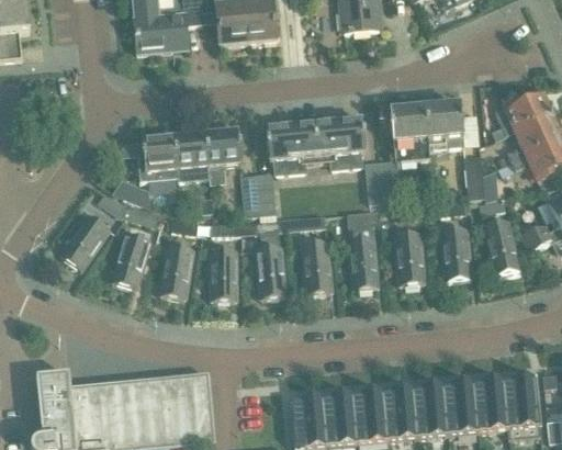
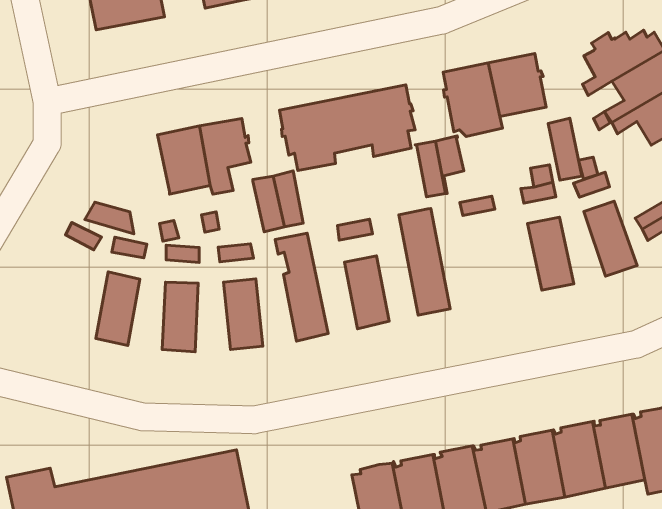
building: [137,133,179,179] -> none
building: [61,212,110,268] -> none
building: [395,230,424,282] -> none

